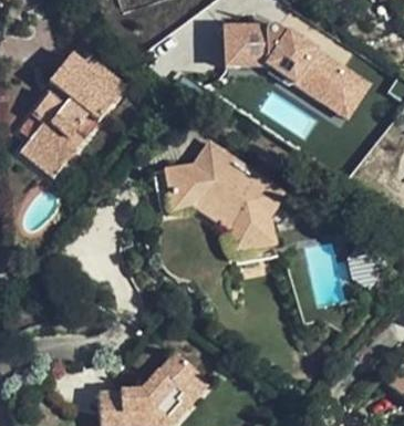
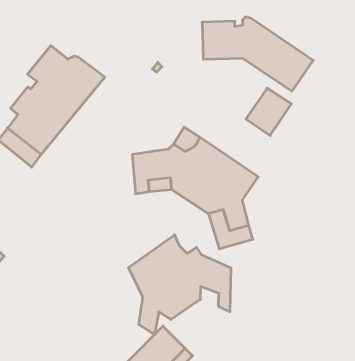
building: [320,67,367,117] -> [246,88,291,136]
building: none -> [129,235,231,335]

